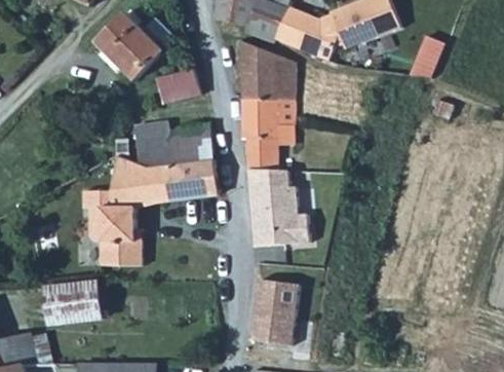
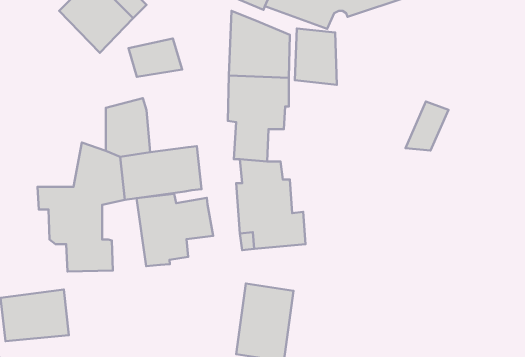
building: [406,39,443,81] -> [405,102,448,151]
building: none -> [295,29,337,85]
building: [171,122,215,162] -> none
building: none -> [137,194,213,266]

